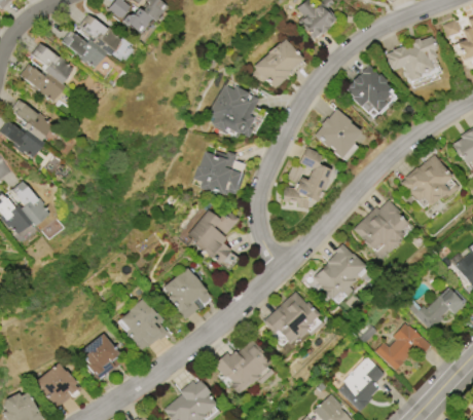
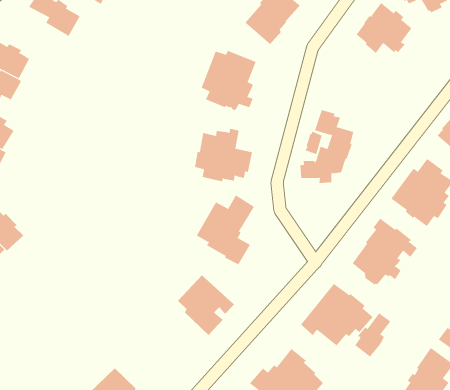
building: [63,31,106,68] -> none
building: [314,109,361,158] -> none
building: [121,298,169,350] -> none
building: none -> [355,312,391,358]

